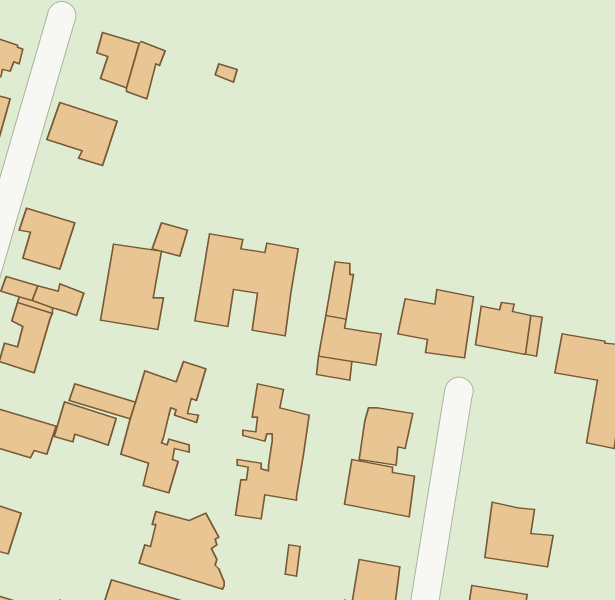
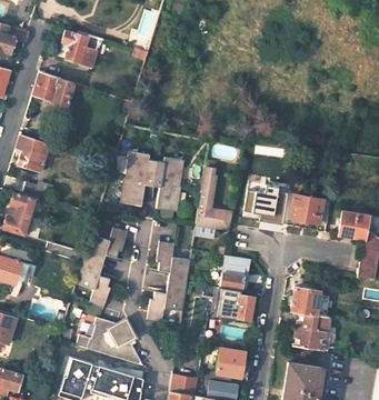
building: [100,244,164,330] -> none
building: [54,402,116,445] -> none
building: none -> [291,287,330,317]

